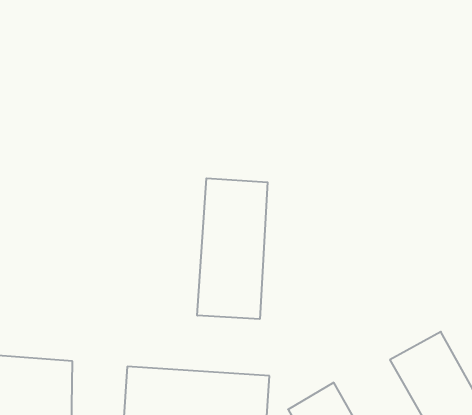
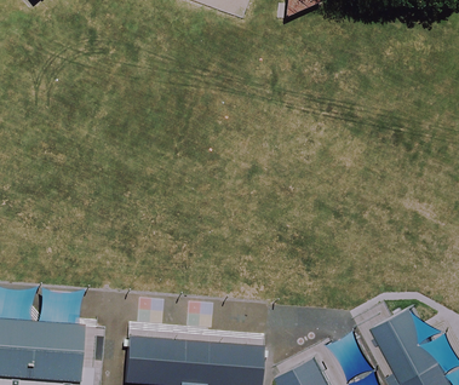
building: [197,178,268,319] -> none

